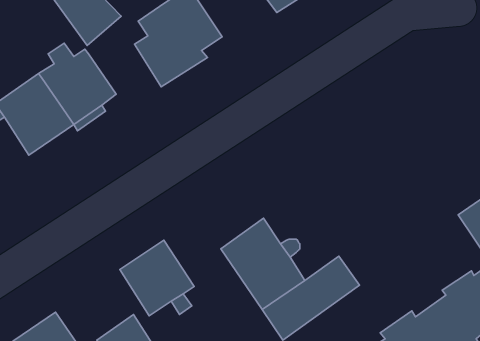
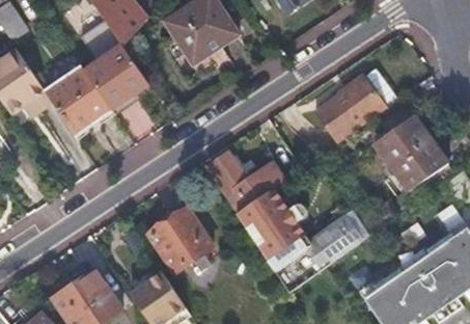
building: none -> [312,76,385,144]
building: none -> [375,114,450,191]
building: none -> [208,151,282,214]

